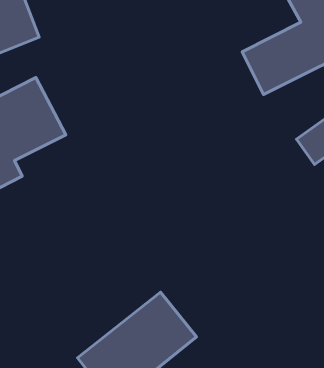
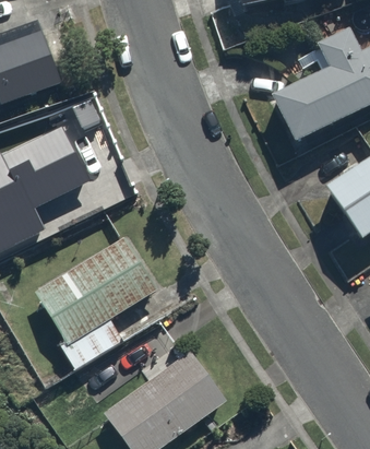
building: none -> [35,237,156,370]

